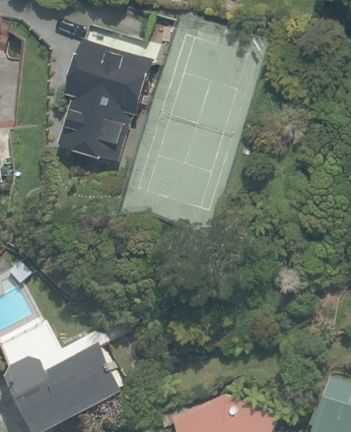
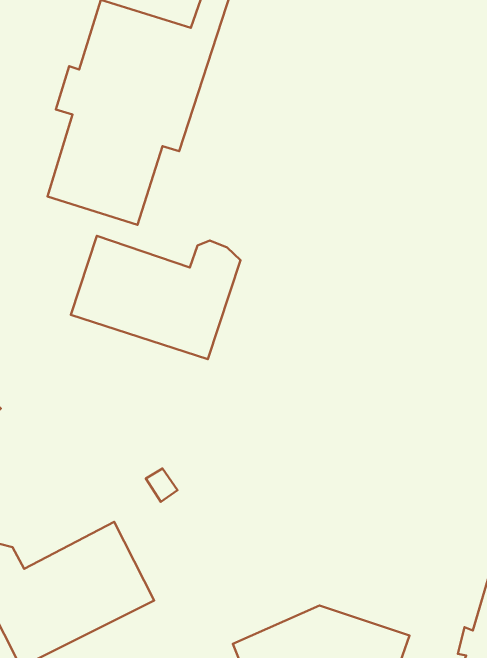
building: none -> [71,236,241,359]

